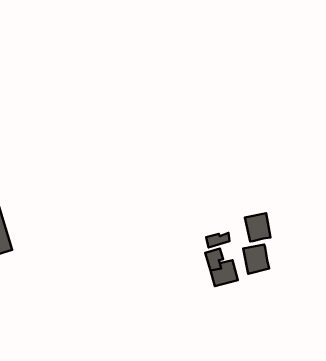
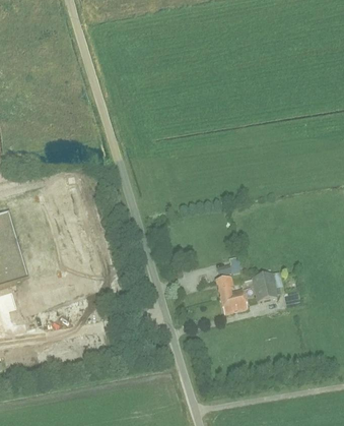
building: [245,213,270,241] -> none

